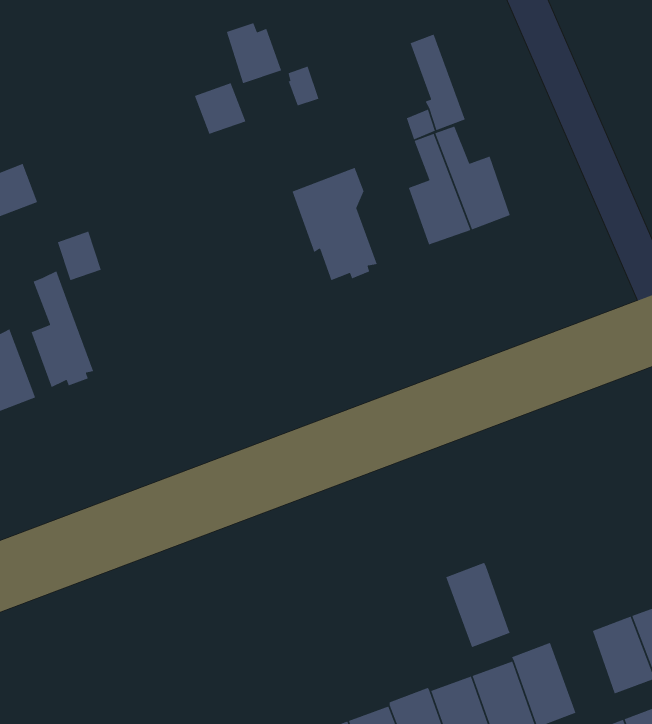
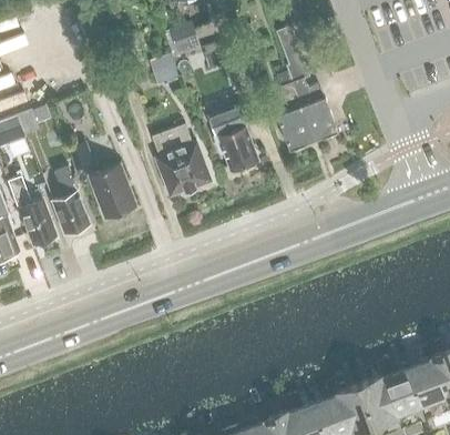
building: none -> [151,125,211,198]
building: none -> [89,165,135,220]
building: [445,562,511,648] -> [360,376,399,427]

